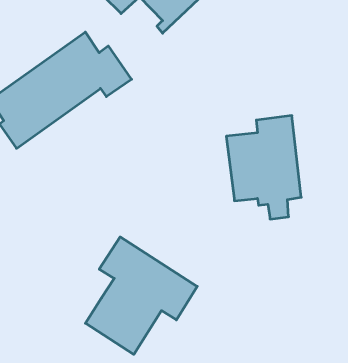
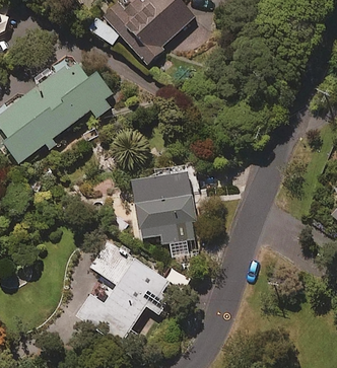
building: [226,116,301,219] -> [132,163,198,254]

